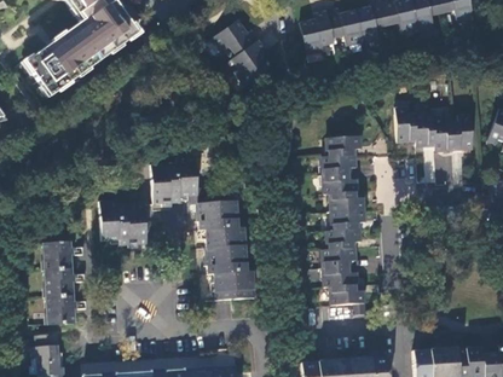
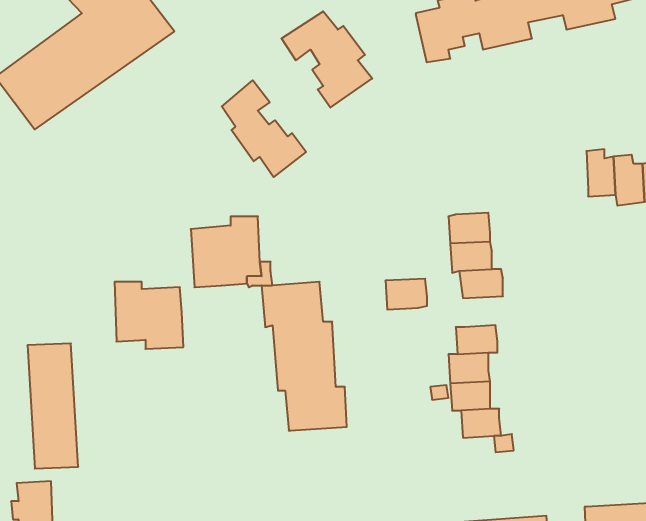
building: none -> [222,80,306,177]
building: [395,108,416,140] -> none
building: [328,135,362,156] -> none
building: [333,210,360,231] -> [385,279,427,310]

